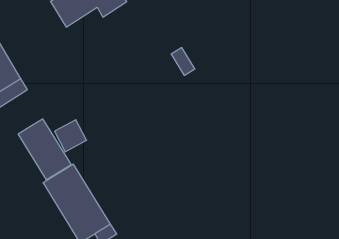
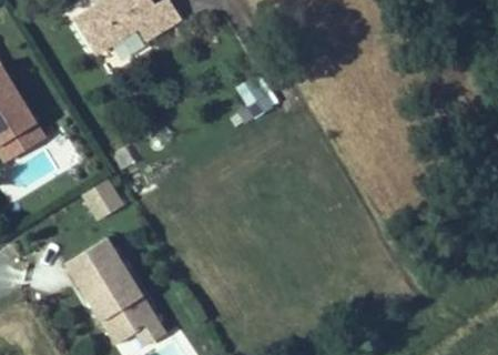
building: [18,119,71,180] -> none

